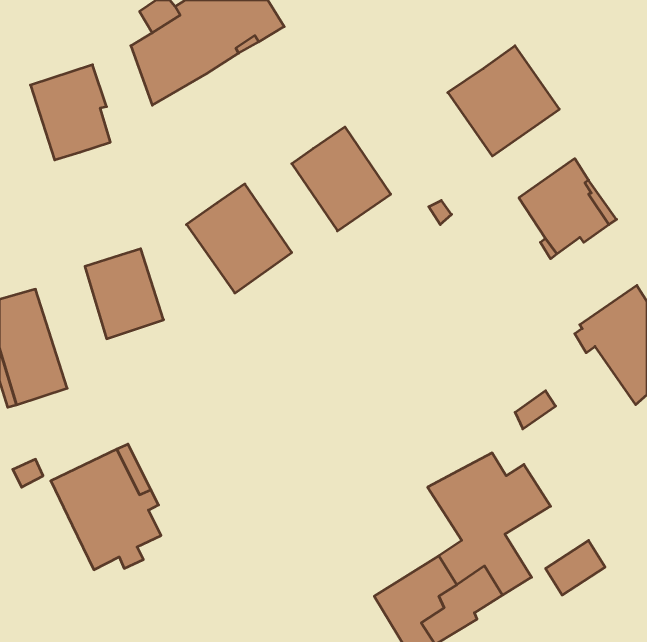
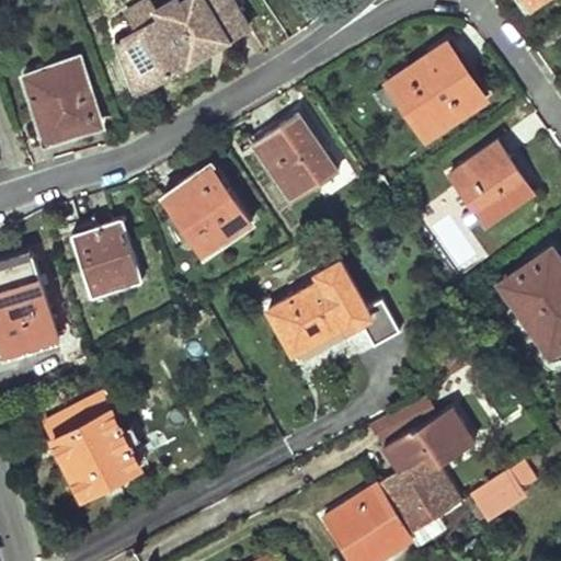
building: none -> [268,263,399,355]

